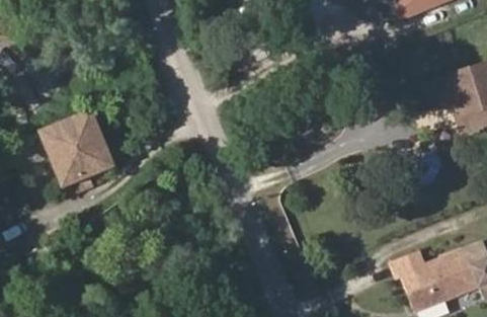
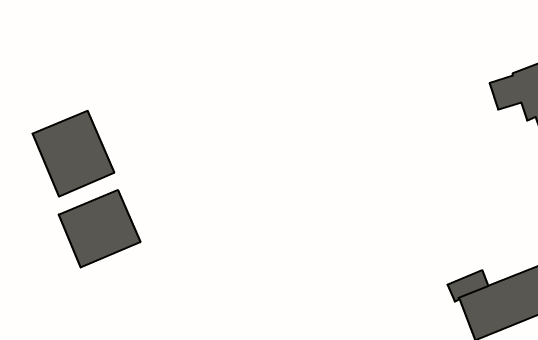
building: none -> [59,190,140,268]

